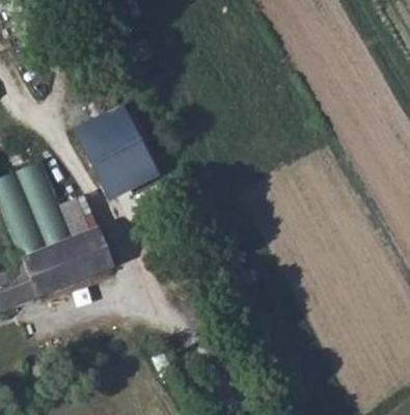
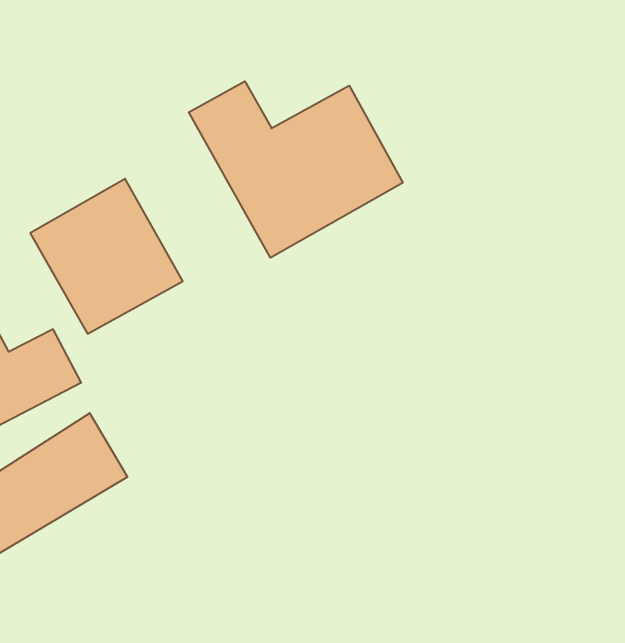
building: none -> [189,81,403,258]

